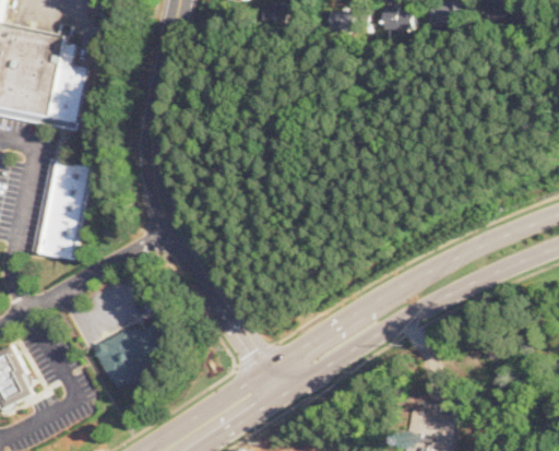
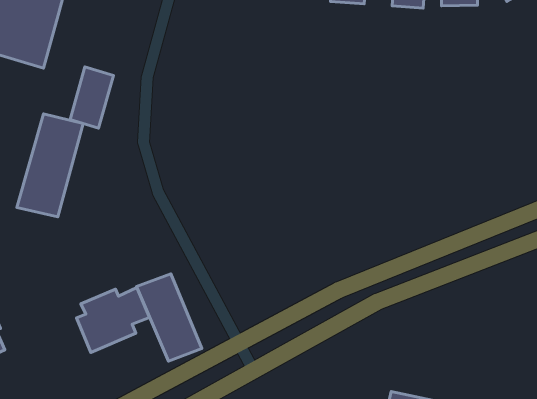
building: [47,63,86,122] -> [70,67,114,128]
building: none -> [137,274,202,361]

